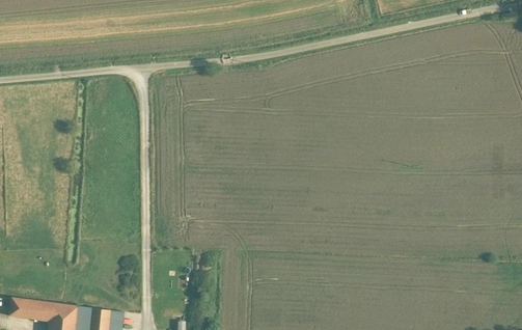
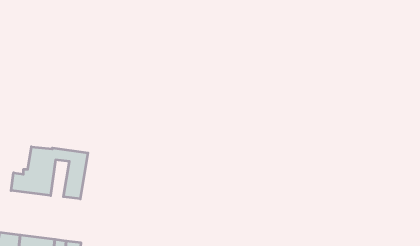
building: none -> [11,147,88,199]

